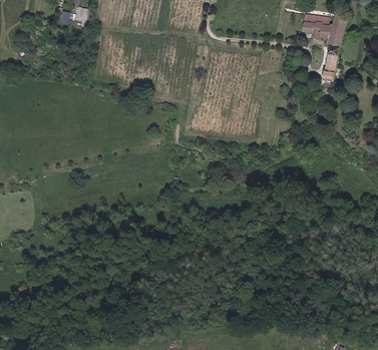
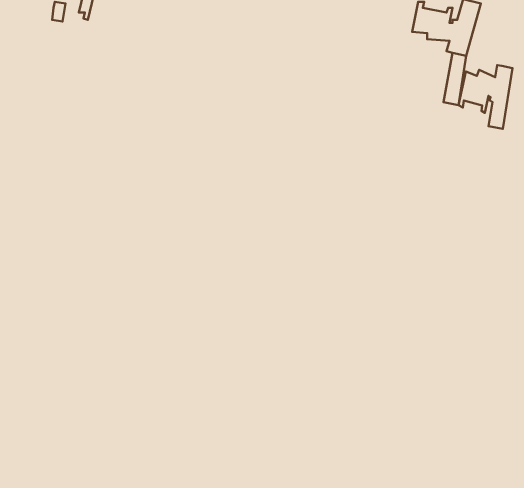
building: none -> [459,65,512,129]

